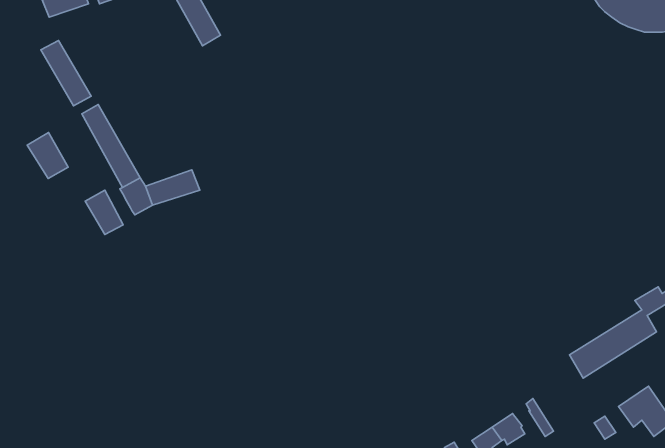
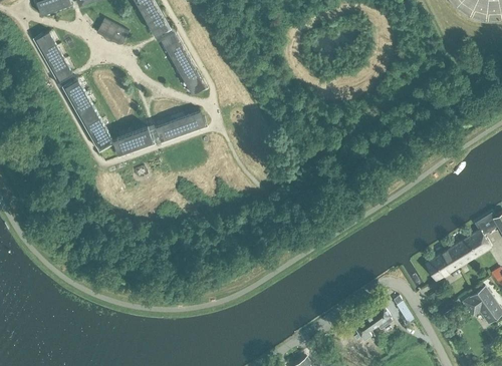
building: none -> [97,19,126,43]
building: none -> [162,33,204,95]
building: [27,133,68,179] -> none
building: none -> [155,111,205,141]
building: [85,190,123,235] -> none

